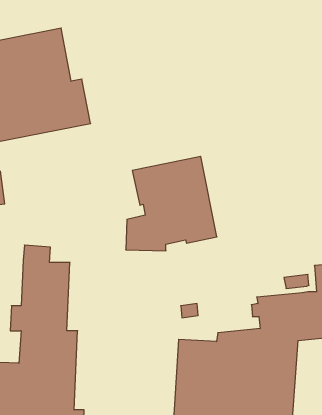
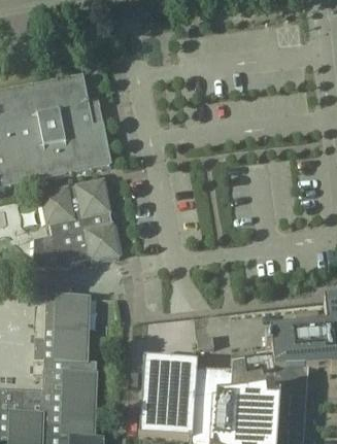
building: [126,156,217,251] -> [33,175,120,265]
building: none -> [138,349,196,433]

